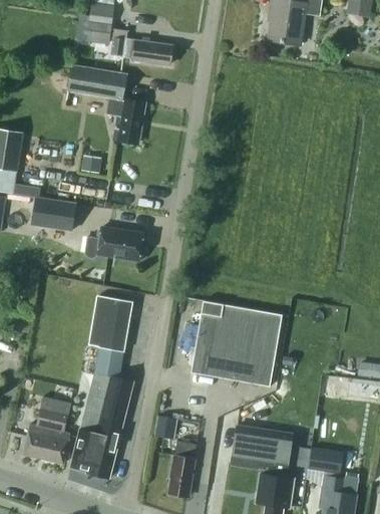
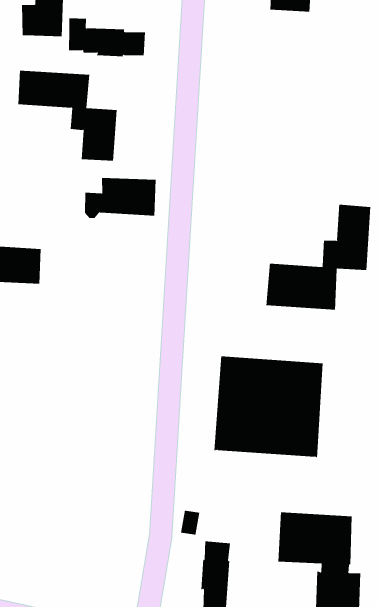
building: none -> [266,204,371,311]
building: [85,227,143,261] -> [84,177,157,219]
building: [70,298,133,478] -> none
building: [23,397,70,464] -> none

